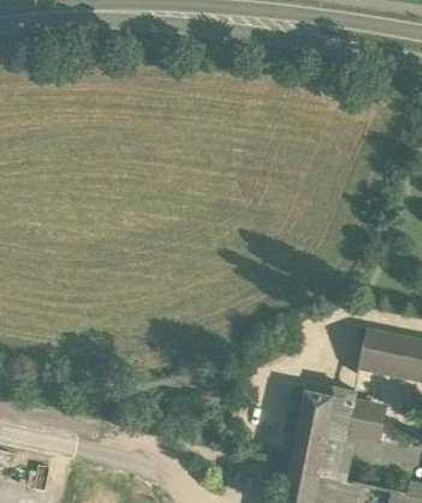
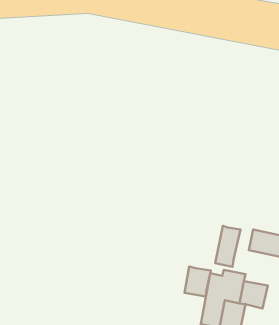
building: none -> [215,226,240,267]
building: none -> [184,267,211,297]

